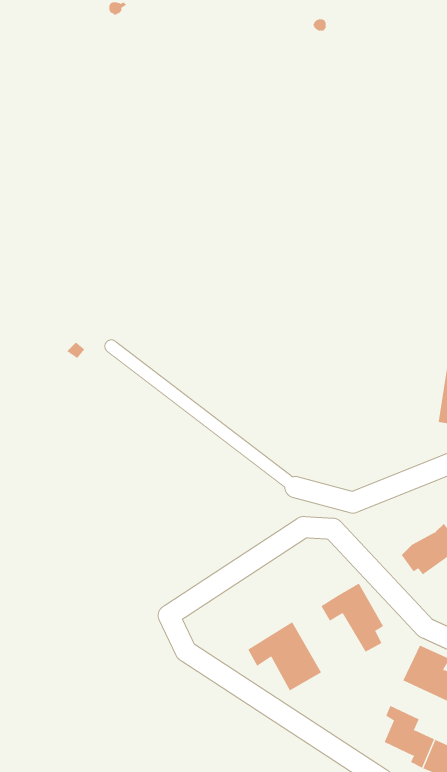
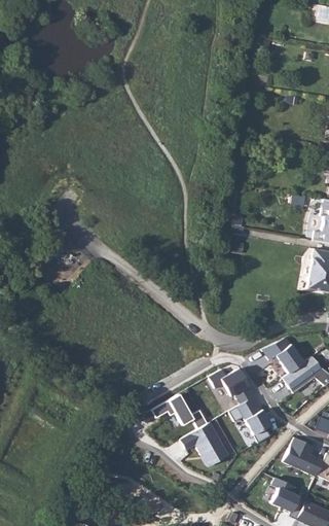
building: none -> [265,338,305,370]
building: none -> [210,366,256,404]
building: none -> [152,393,208,428]

